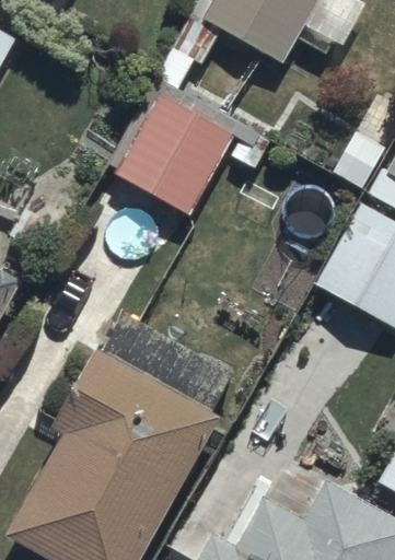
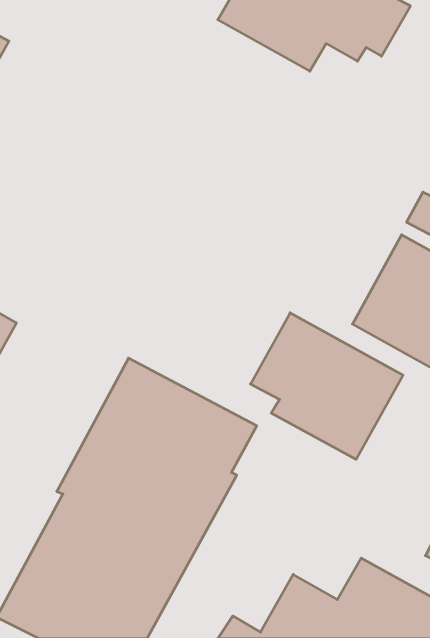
building: [107,92,235,215] -> none
building: none -> [250,313,403,459]

